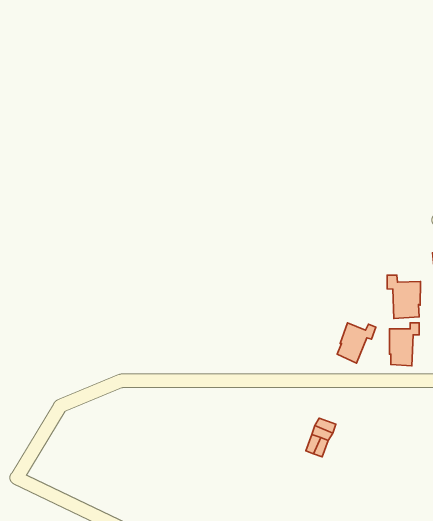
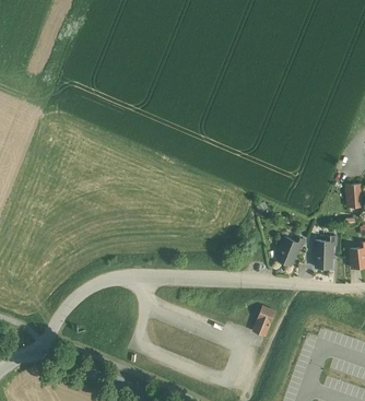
building: [387,275,421,318] -> none

